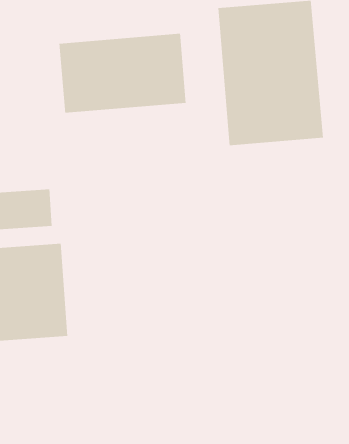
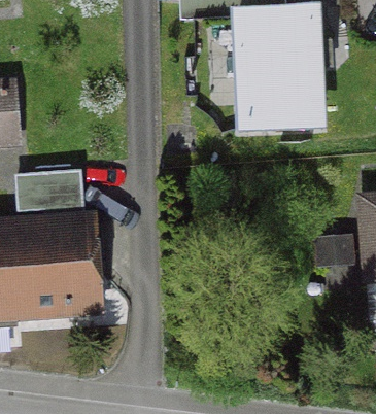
building: [59,33,186,114] -> none

